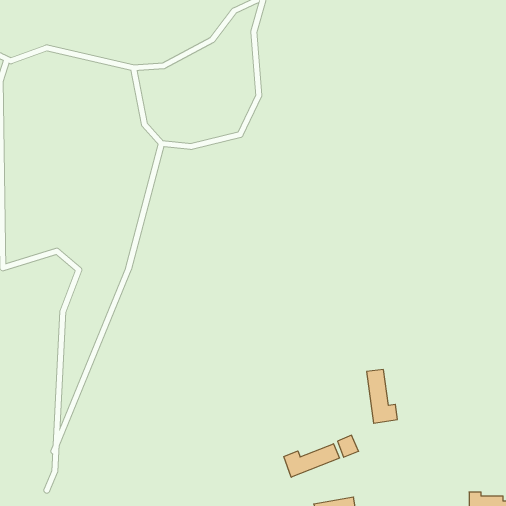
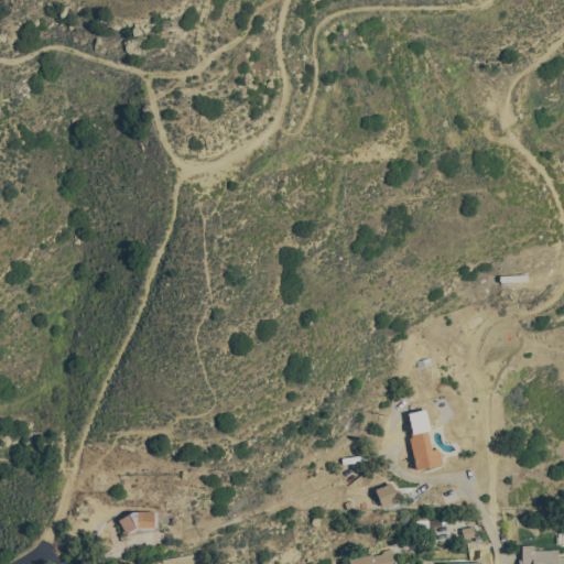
building: [284,444,339,477] -> none
building: none -> [121,514,159,532]

